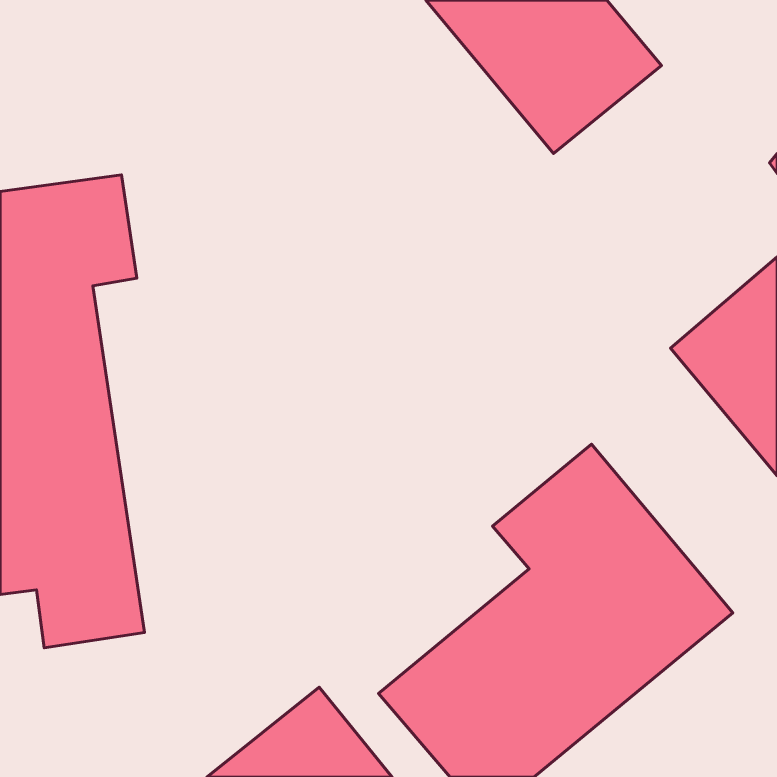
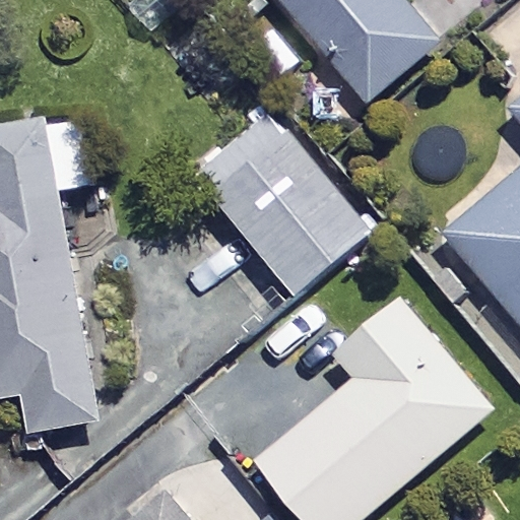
building: none -> [195,115,372,298]

